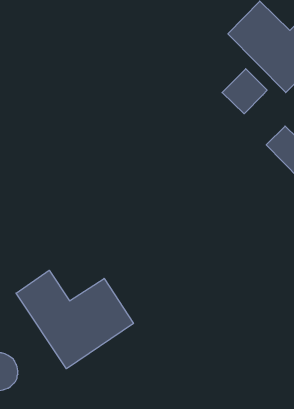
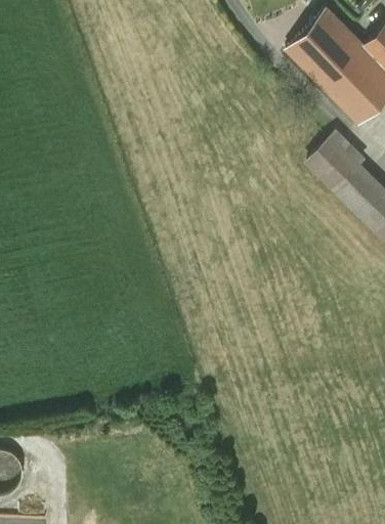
building: [222,69,267,114] -> [307,133,363,189]
building: [16,270,133,369] -> none

